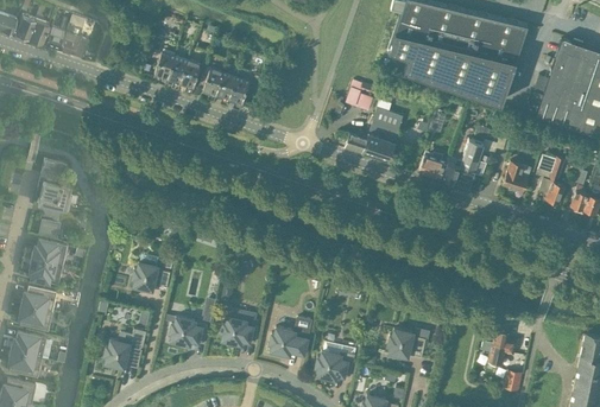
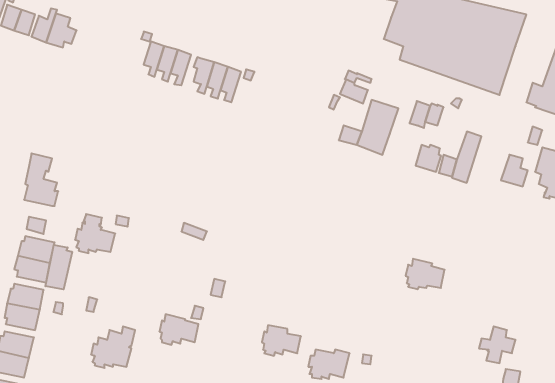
building: none -> [45,245,72,289]
building: [131,255,170,293] -> [75,214,115,253]
building: [220,309,258,346] -> none
building: [386,330,424,360] -> [406,259,445,289]

